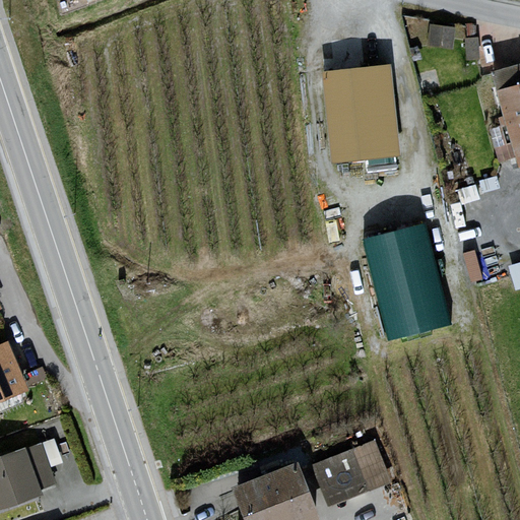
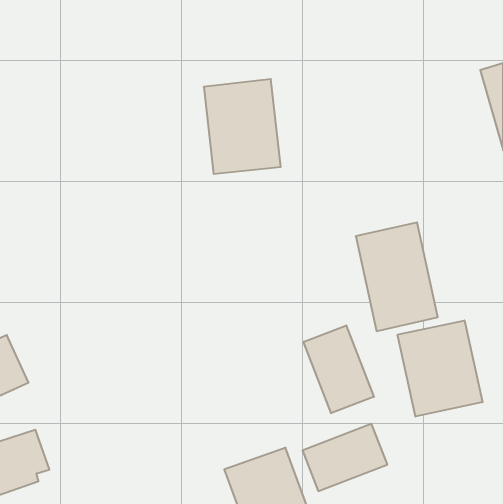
building: [322,64,401,161] -> [204,79,281,174]
building: none -> [398,320,482,417]
building: none -> [304,325,374,413]

